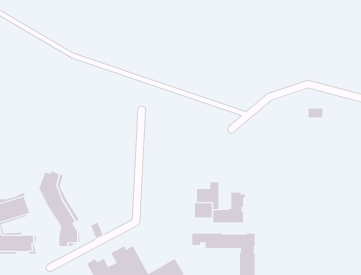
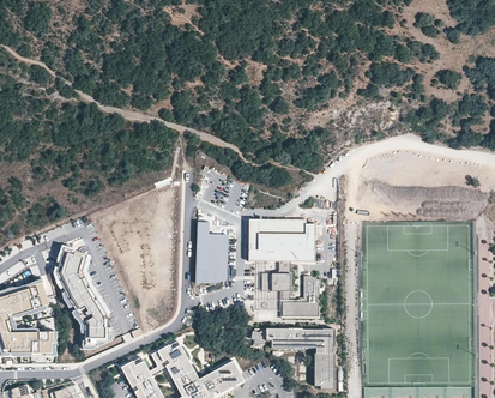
building: none -> [247,219,313,260]
building: none -> [198,223,228,282]
building: none -> [54,243,87,332]

